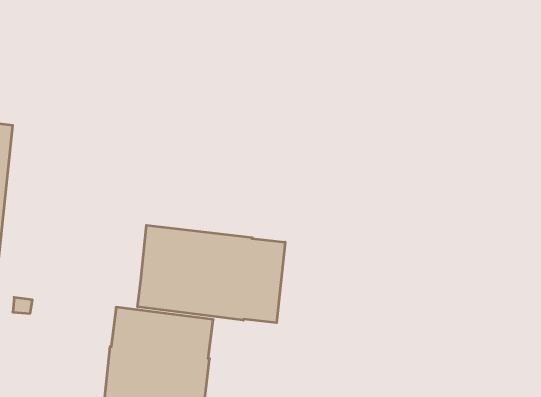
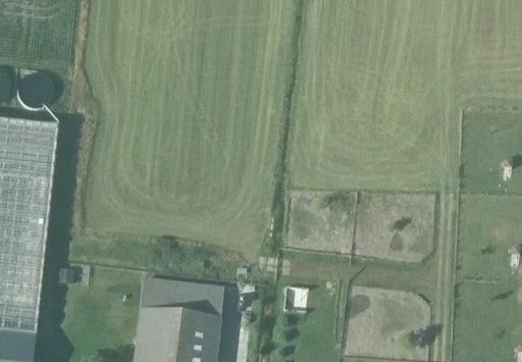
building: [138,225,285,323] -> none

